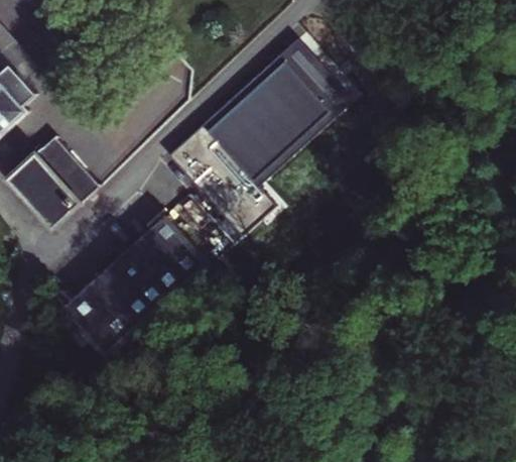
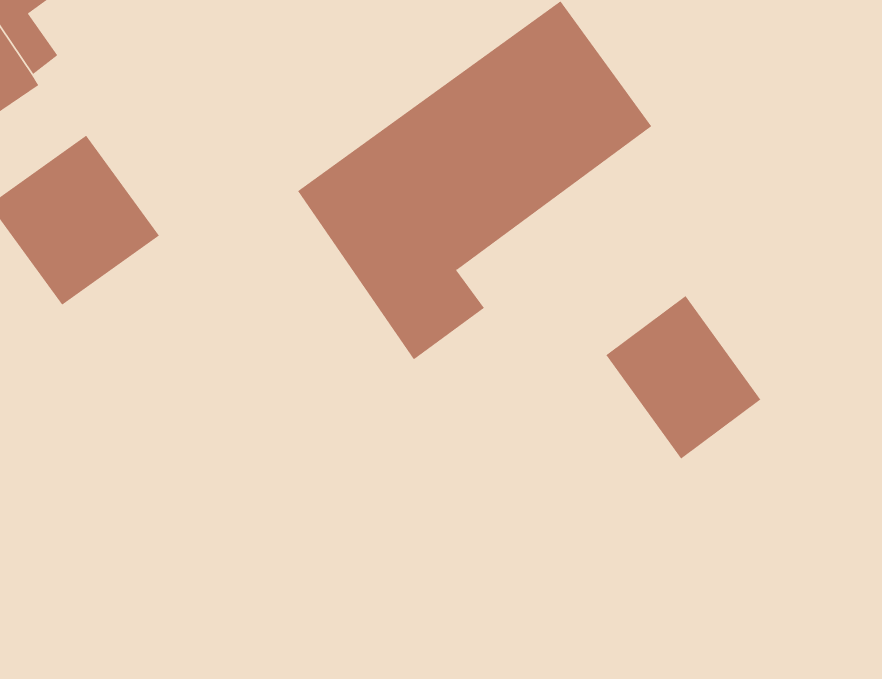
building: none -> [606,295,761,459]
building: [62,213,213,360] -> none

